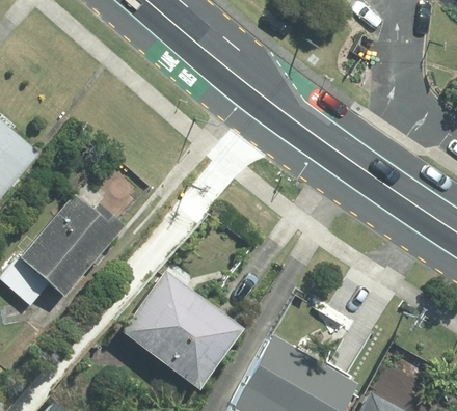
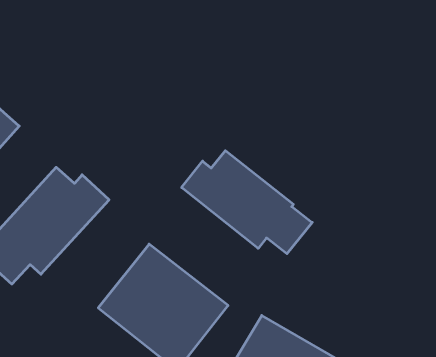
building: none -> [182,151,312,254]

